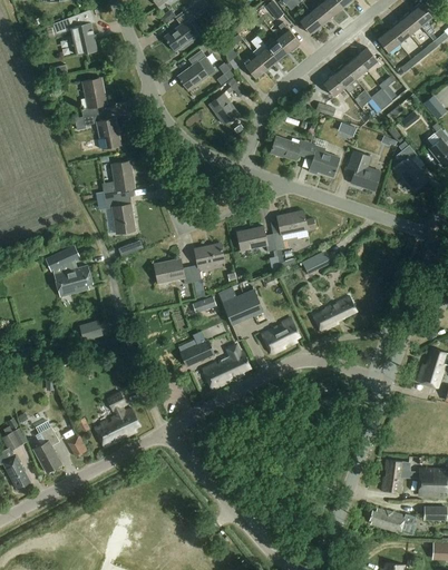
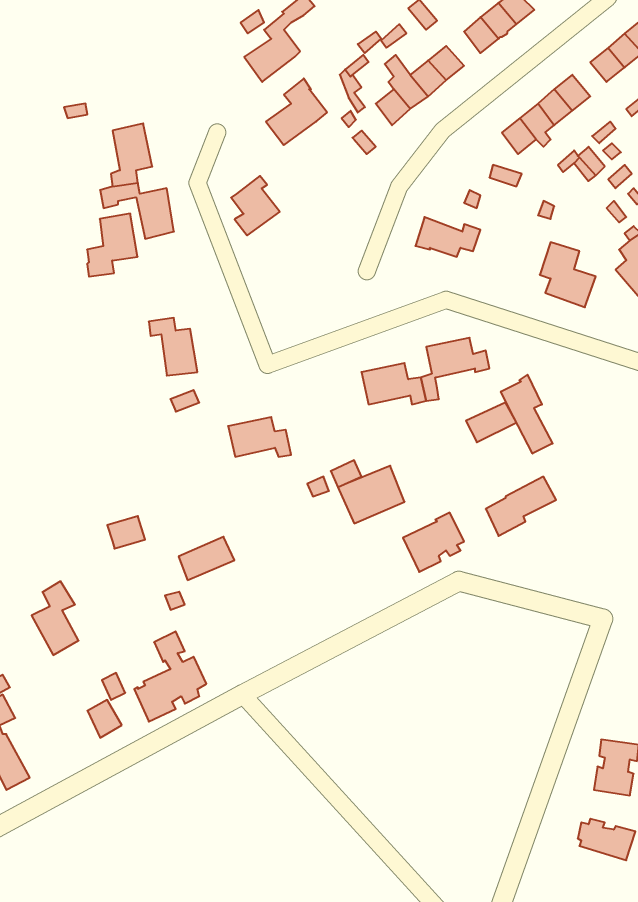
building: [55,9,97,53] -> none
building: [208,90,238,127] -> [231,176,280,235]
building: [305,142,340,176] -> none
building: [104,160,135,199] -> [87,214,138,277]
building: none -> [501,375,553,454]
building: [189,242,224,282] -> none
building: [47,246,92,296] -> none
building: [181,338,215,365] -> [179,537,234,580]
building: [203,344,251,389] -> none
building: [33,426,62,472] -> [32,581,79,655]

